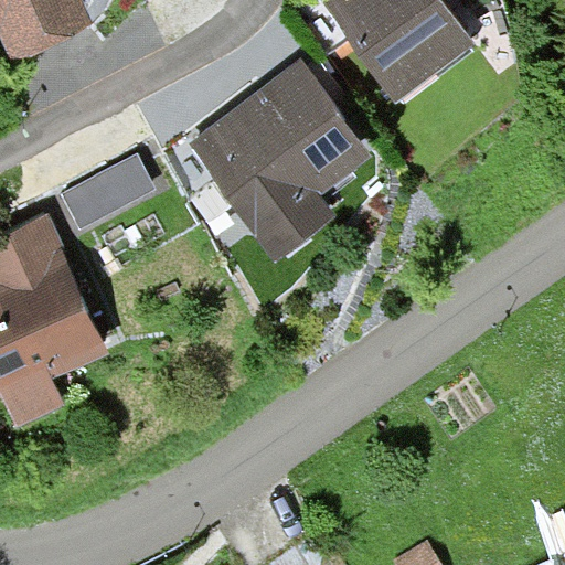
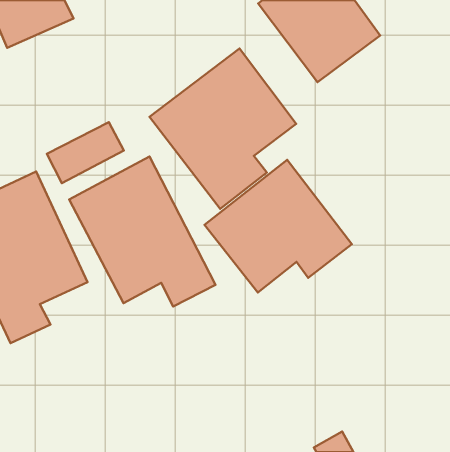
building: none -> [69,157,216,307]
building: none -> [205,160,352,292]

